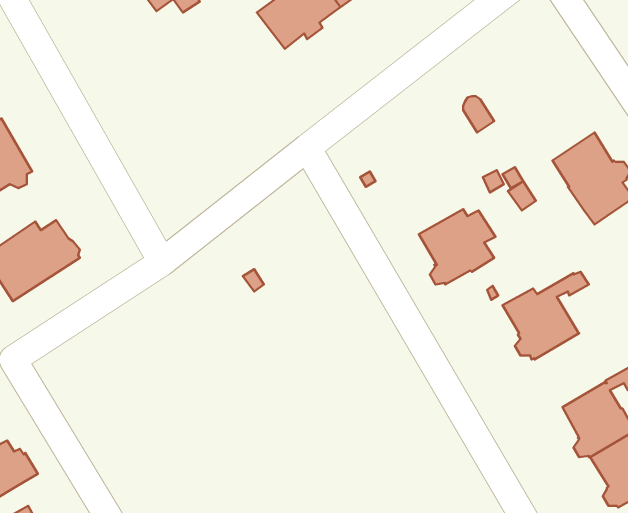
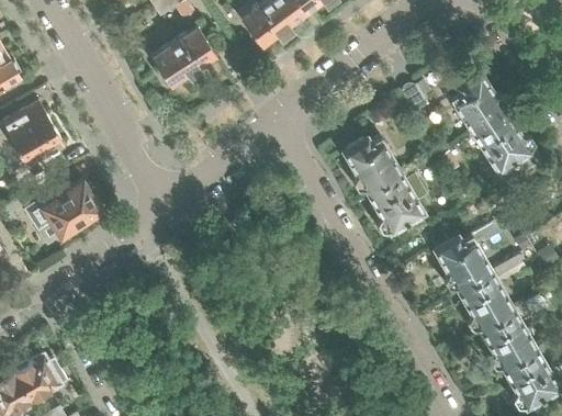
building: none -> [151,27,217,88]
building: none -> [446,72,508,135]
building: none -> [344,136,403,194]
building: none -> [459,256,527,330]

